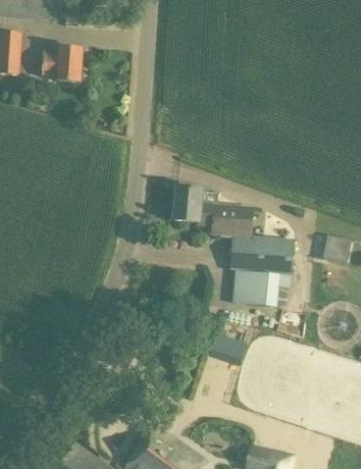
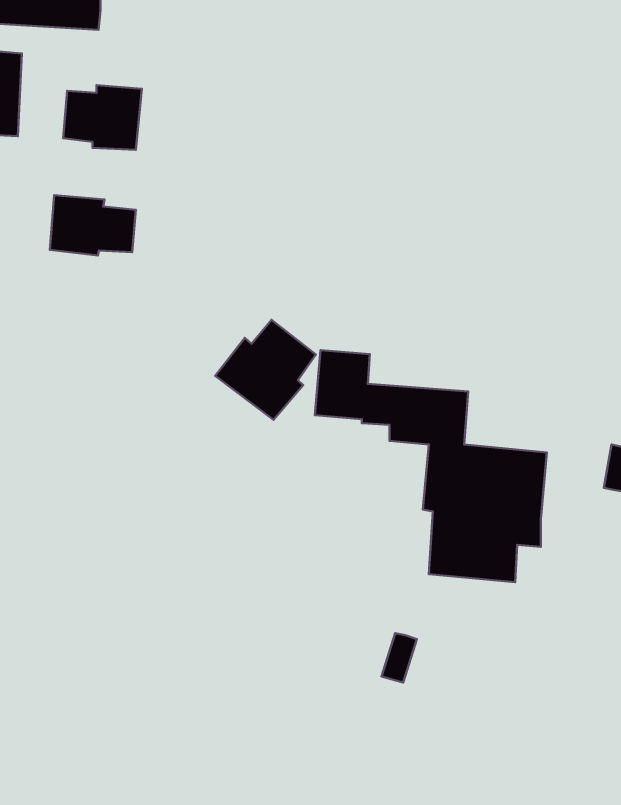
building: none -> [50,195,136,256]
building: none -> [215,320,316,420]

